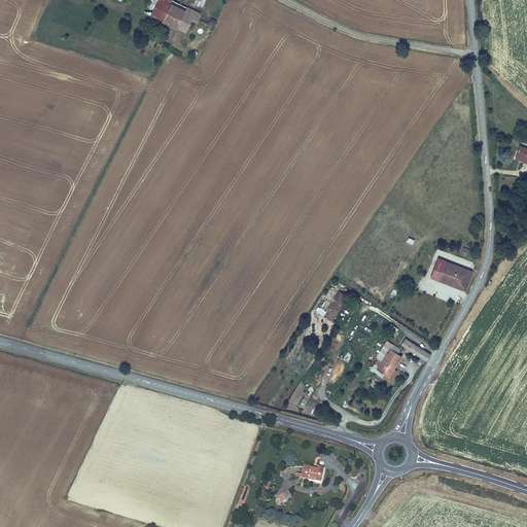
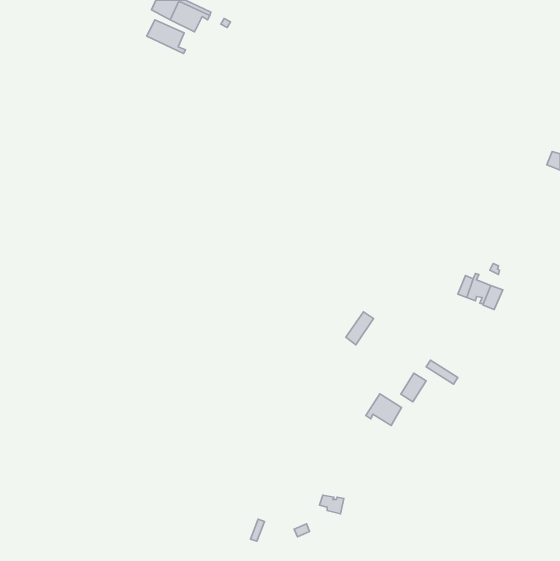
building: none -> [147,20,185,54]
building: none -> [366,394,402,425]

